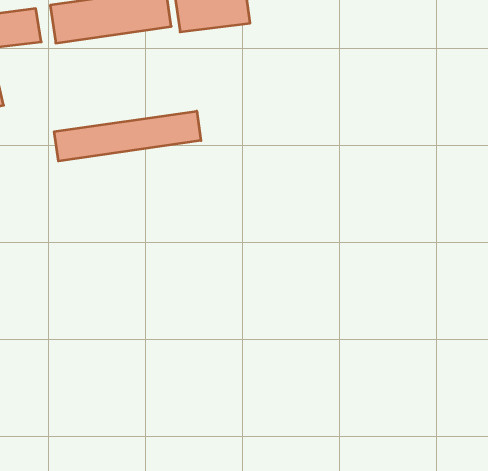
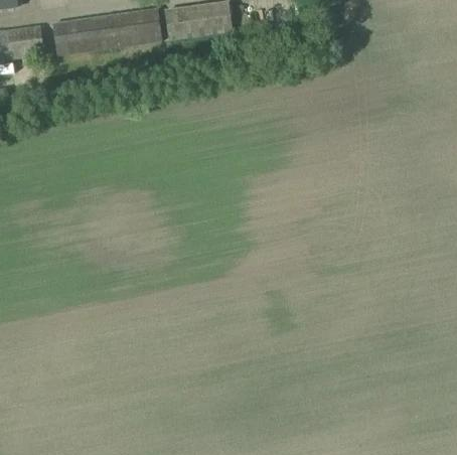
building: [54,111,201,161] -> none

